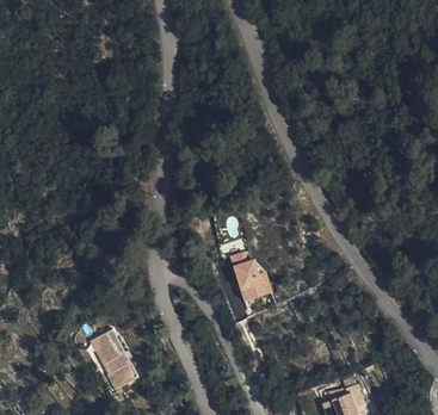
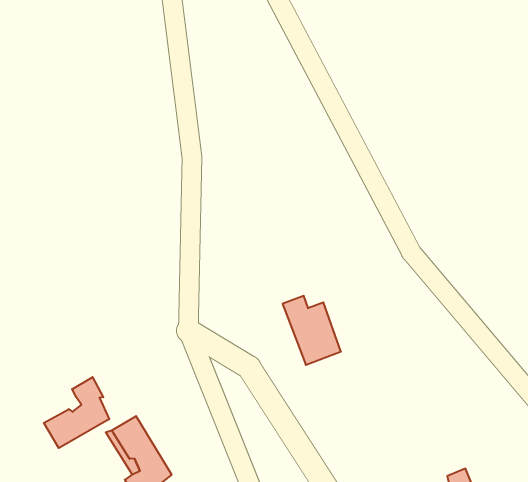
building: none -> [44,377,109,448]

